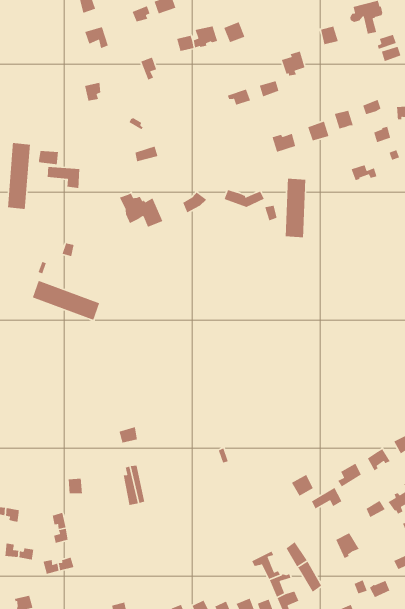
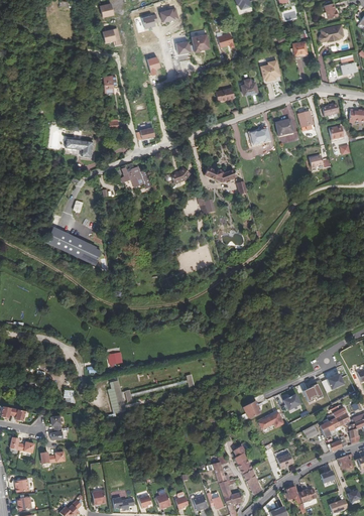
building: [7,142,31,210] -> none
building: [285,178,306,238] -> none

